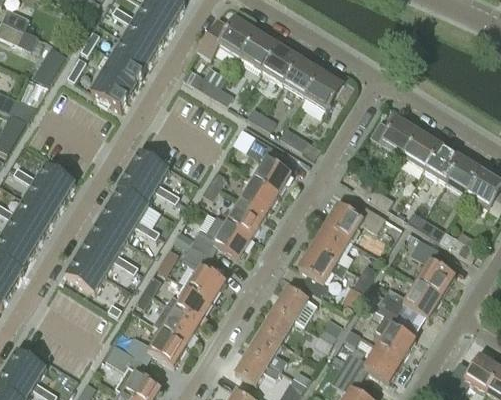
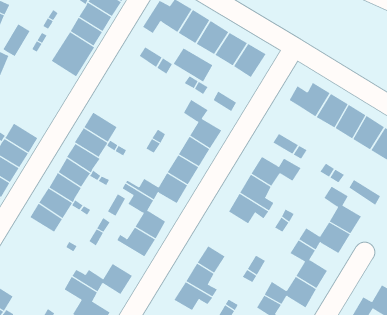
building: none -> [173,47,213,83]
building: [274,286,317,325] -> none
building: [160,301,200,343] -> none

